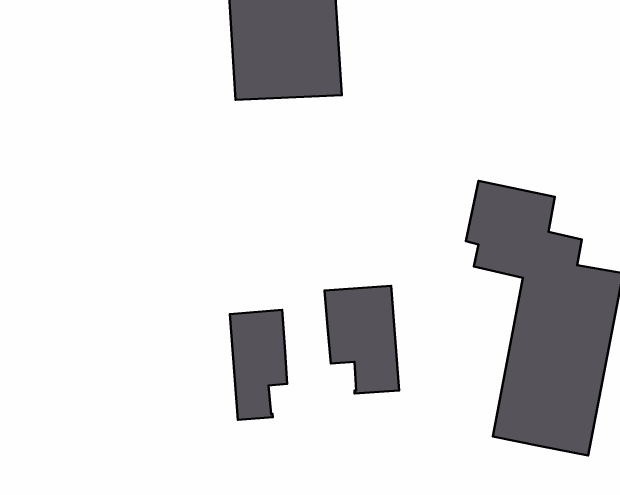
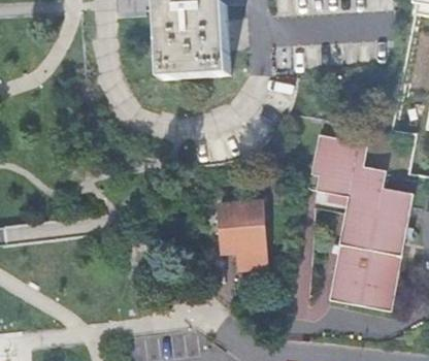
building: [230,310,287,420] -> none

